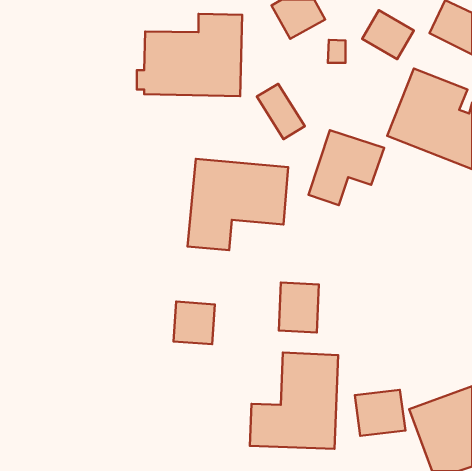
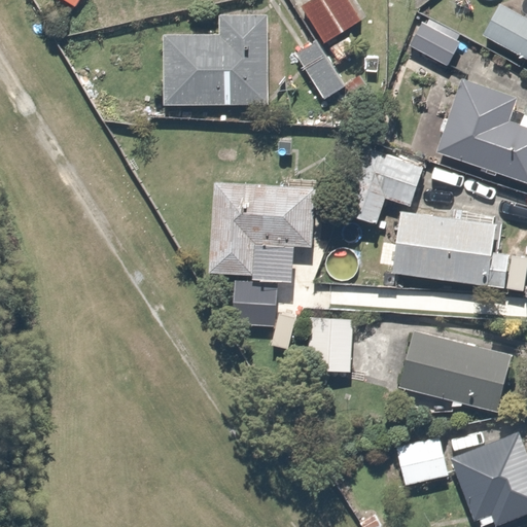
building: [257,84,305,139] -> [292,39,346,101]
building: none -> [391,209,511,288]
building: none -> [397,327,512,414]
building: [173,302,215,344] -> [234,280,280,327]
building: [250,352,338,449] -> none

